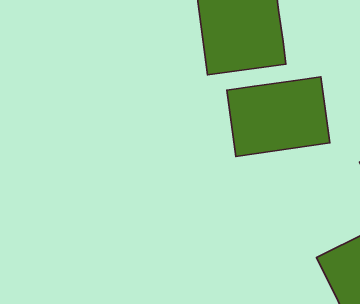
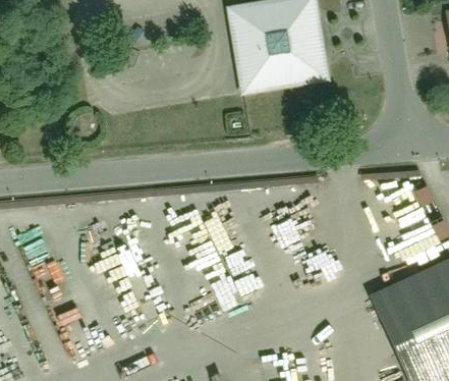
building: [227,77,330,156] -> none

